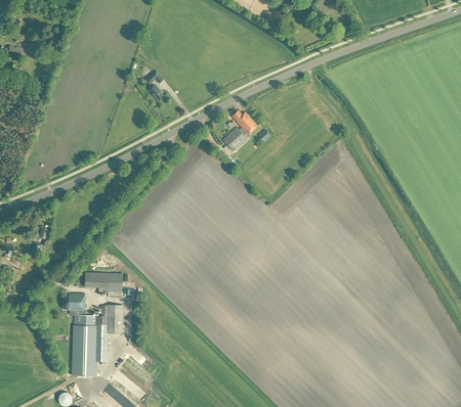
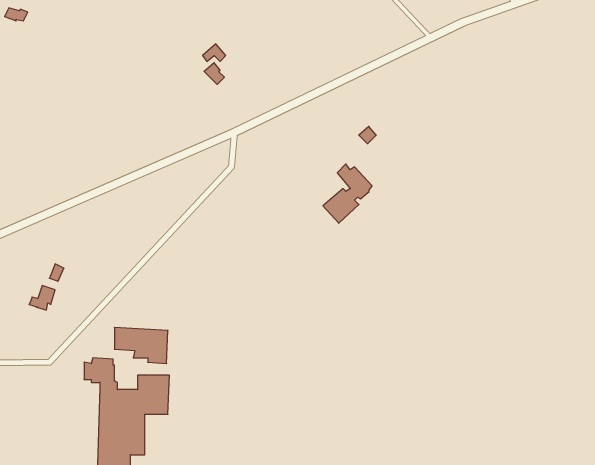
building: [221,109,256,151] -> [323,164,372,223]

